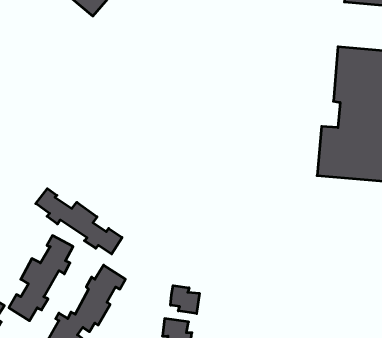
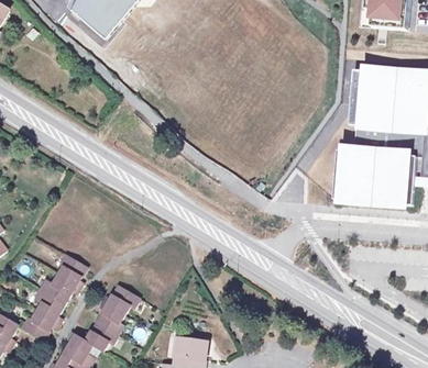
building: [36,189,122,254] -> none
building: [171,286,199,314] -> none

